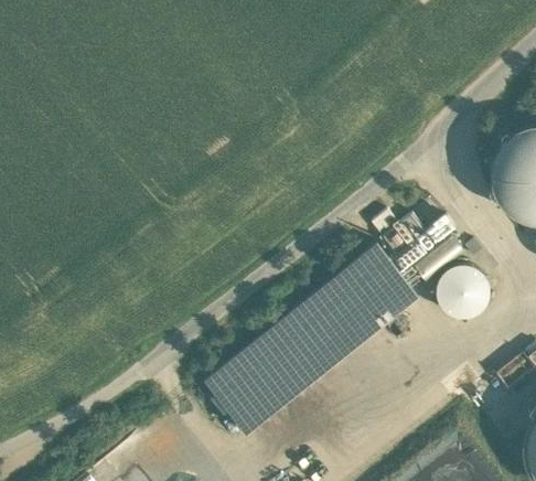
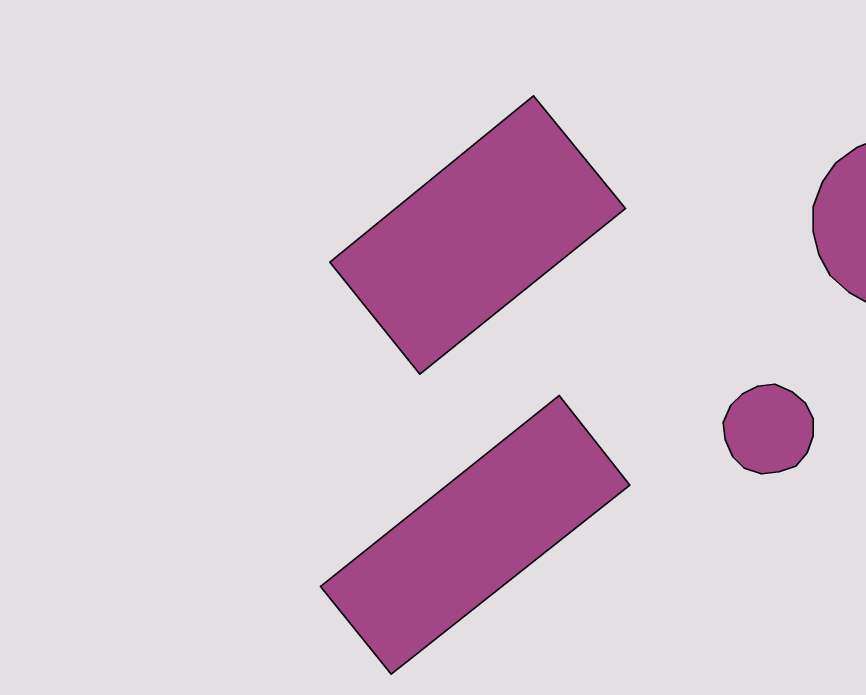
building: none -> [330,96,625,374]
building: [343,245,419,324] -> none

